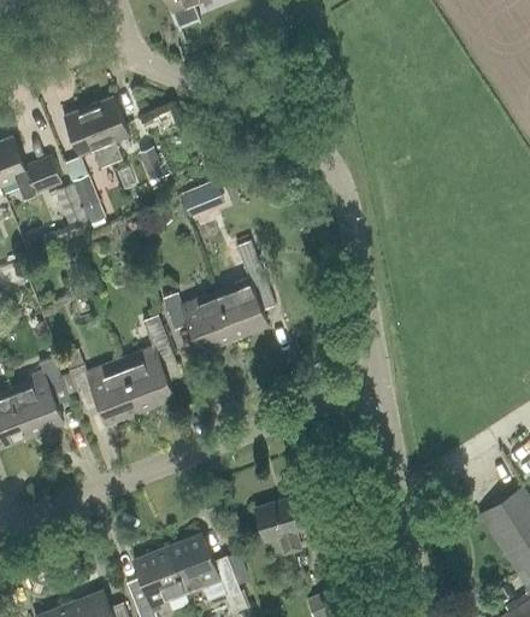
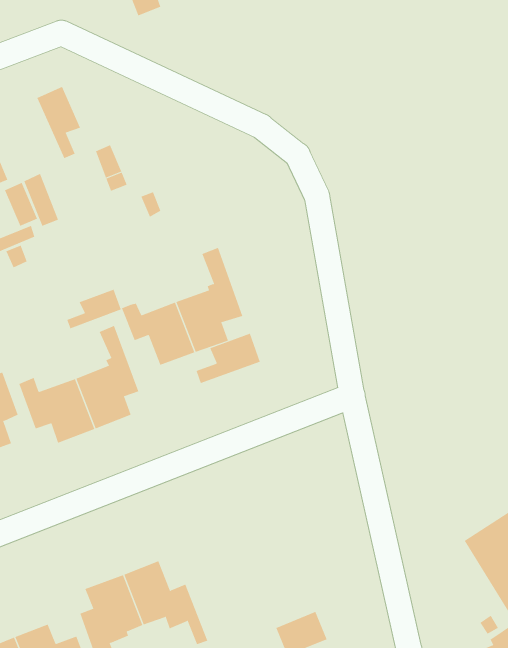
building: [61,104,111,166] -> none
building: none -> [67,289,122,329]
building: none -> [196,333,261,384]
building: [252,493,296,551] -> none

